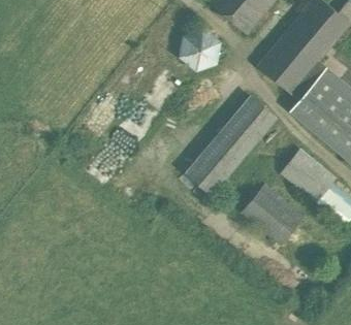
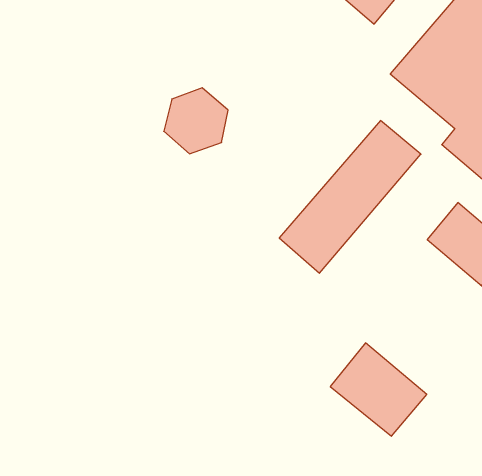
building: [180,28,221,70] -> [164,88,228,154]
building: [242,184,304,243] -> [330,343,427,436]

